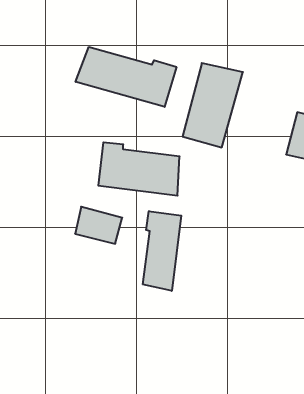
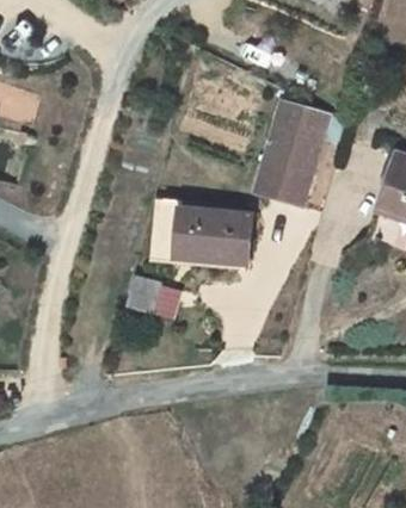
building: [76,47,176,107] -> none
building: [143,211,181,291] -> none

